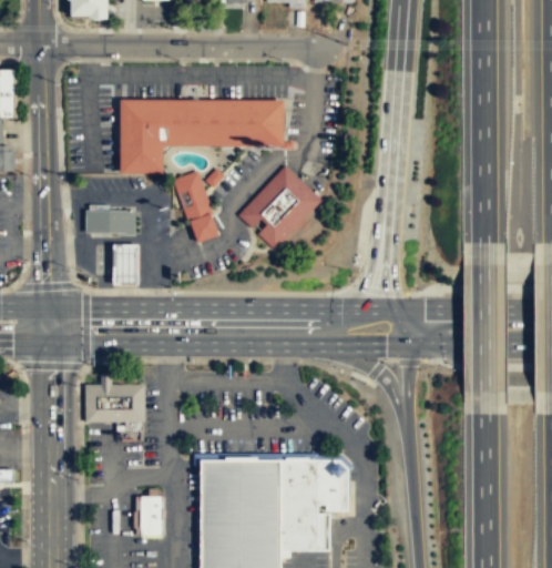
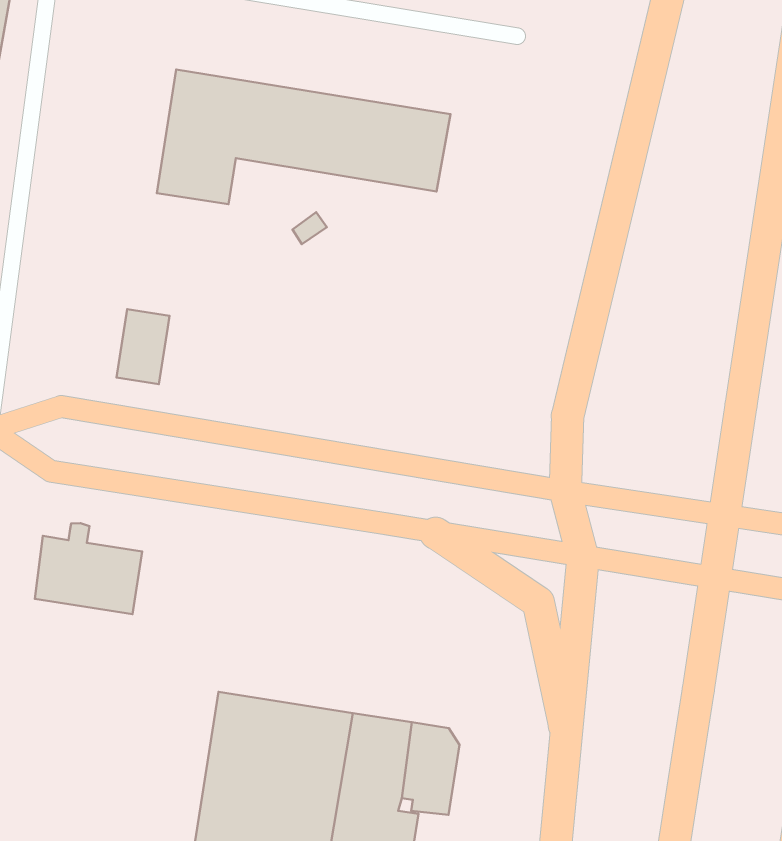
building: [237,165,321,250] -> none
building: [173,174,218,244] -> none
building: [85,210,135,234] -> none
building: [140,496,163,535] -> none

